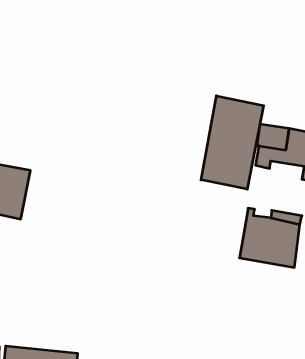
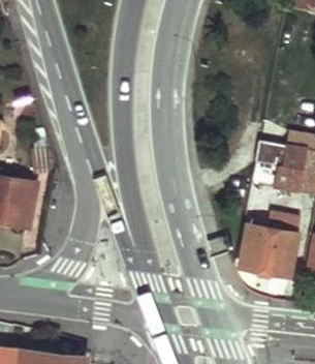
building: [201,96,264,189] -> none

